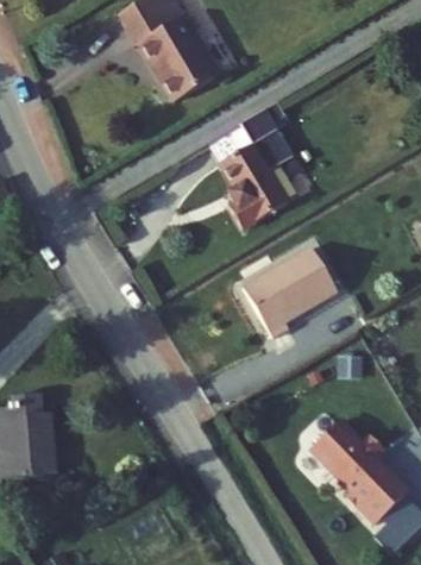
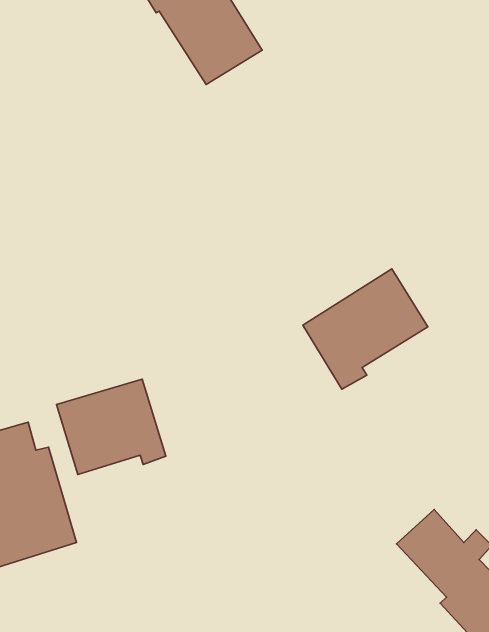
building: [213,102,299,232] -> none
building: none -> [57,379,166,475]

